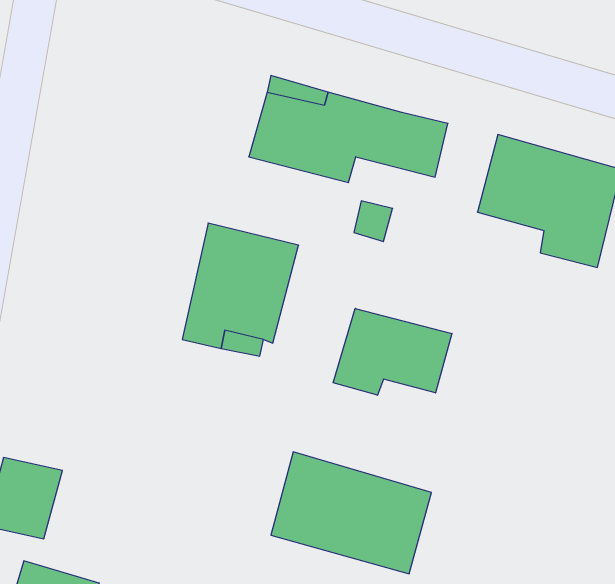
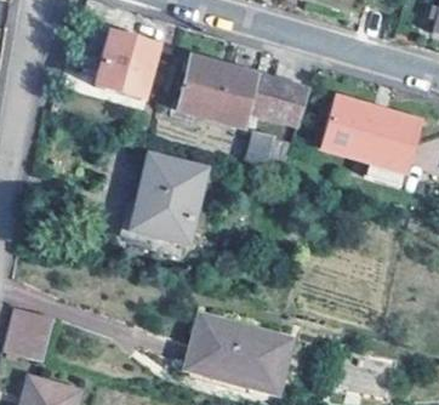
building: none -> [85,27,158,97]
building: [333,308,452,395] -> none

